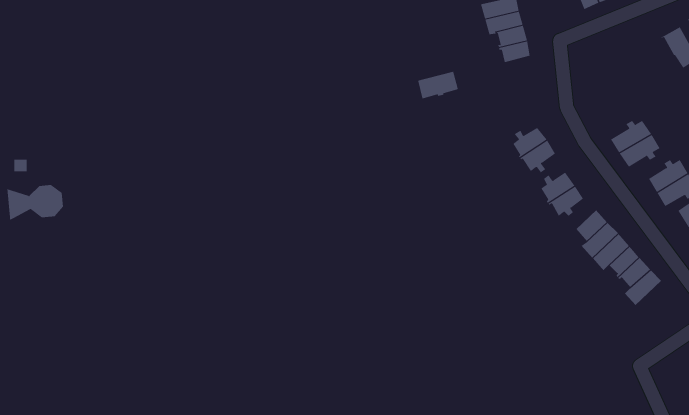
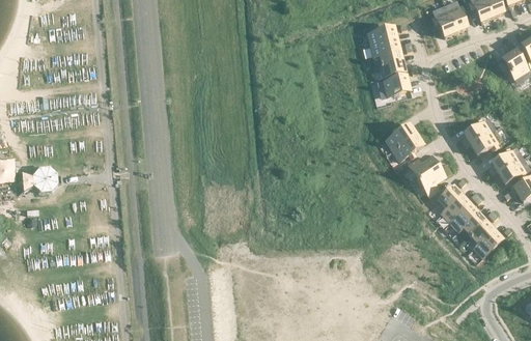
building: [415,71,460,99] -> [373,75,407,95]

